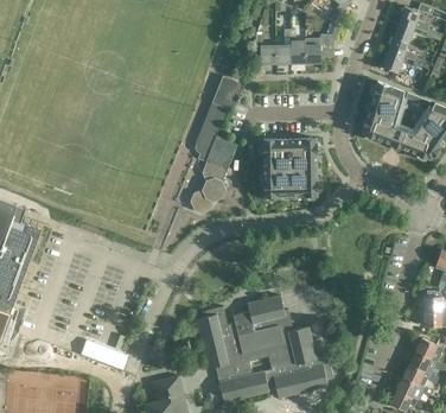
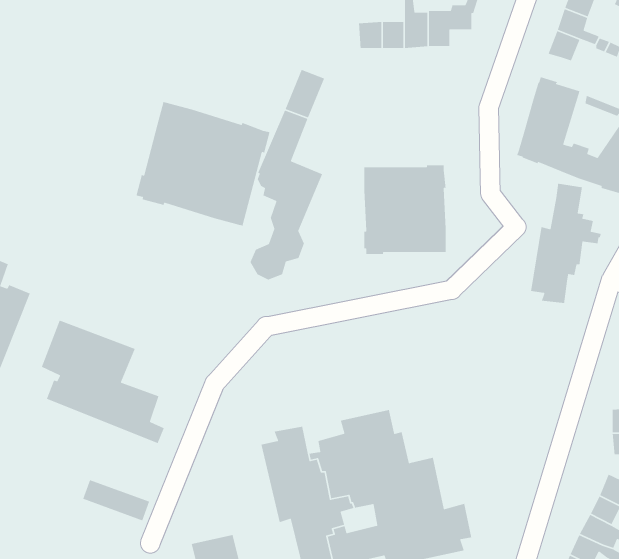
building: none -> [135,101,270,226]
building: none -> [530,183,602,304]
building: none -> [41,320,165,444]

